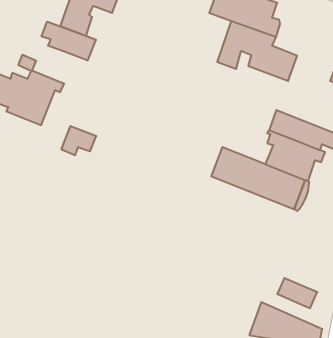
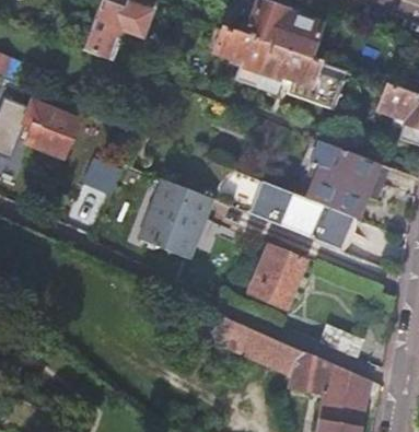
building: none -> [214,26,270,89]
building: [41,22,96,61] -> none
building: none -> [140,180,212,260]
building: none -> [248,246,305,310]
building: none -> [210,317,303,375]

